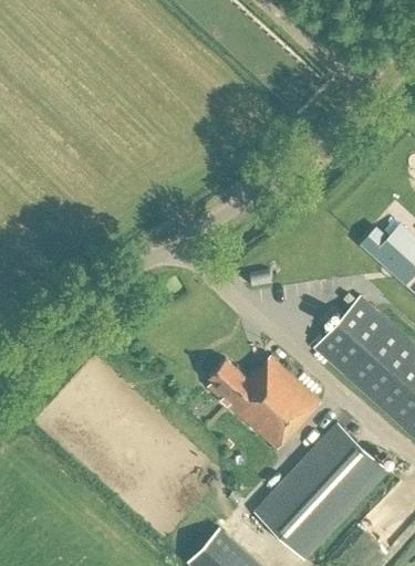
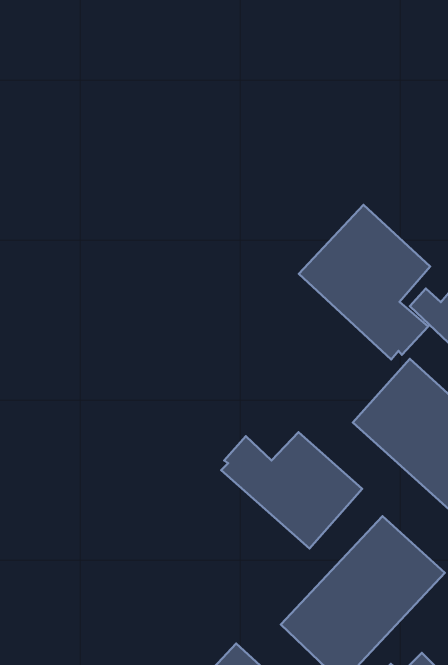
building: none -> [299,205,430,359]

